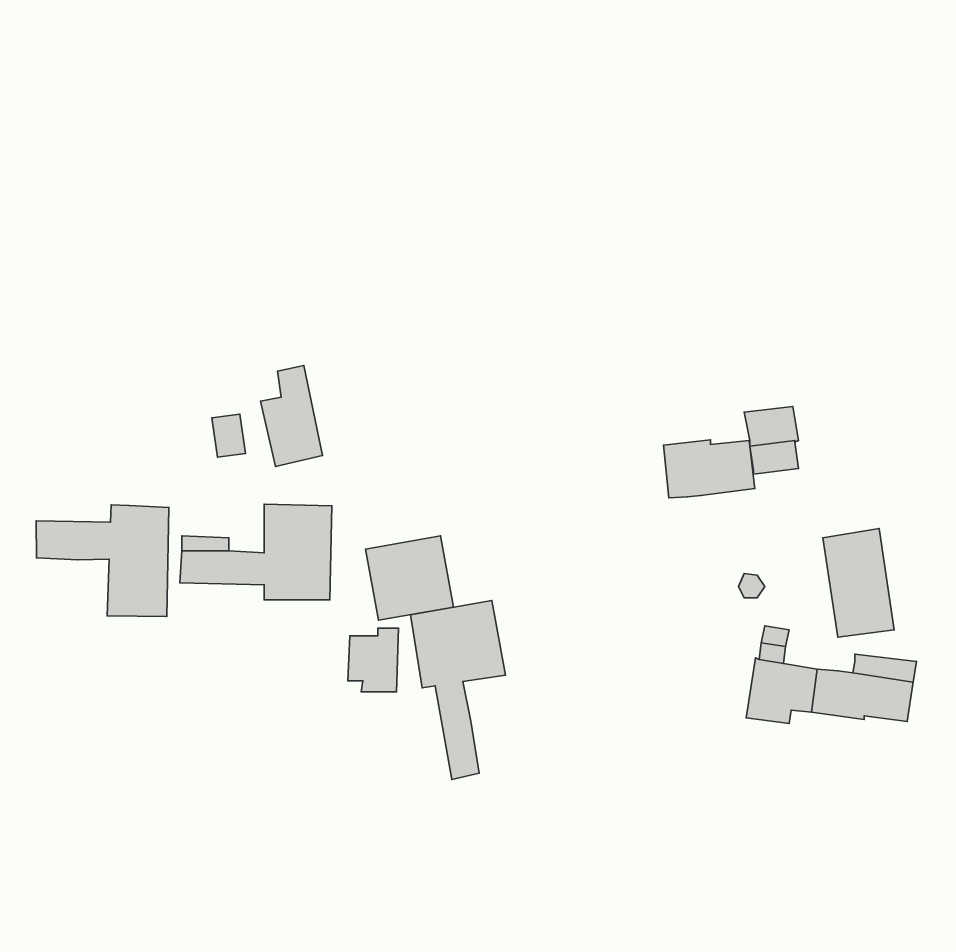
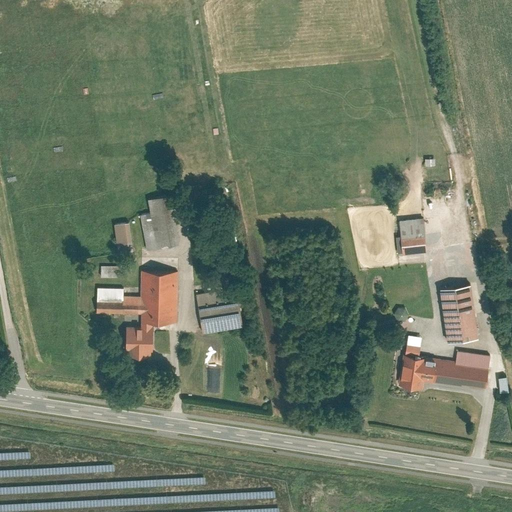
building: [663,440,755,498] -> none
building: [36,505,169,616] -> none
building: [410,600,506,779] -> none
building: [348,628,399,692] -> [126,323,153,357]

